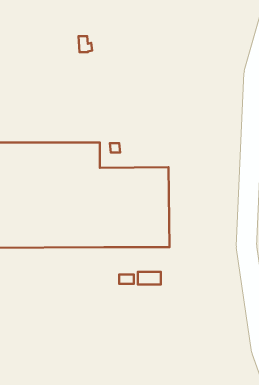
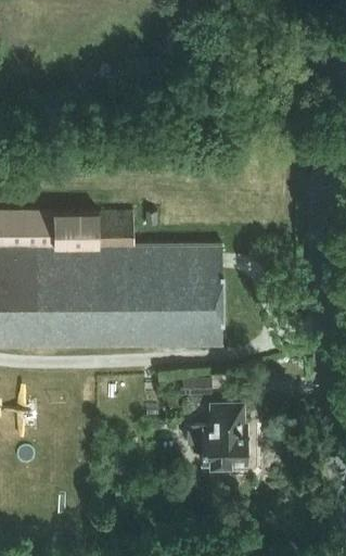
building: none -> [188,404,247,465]

